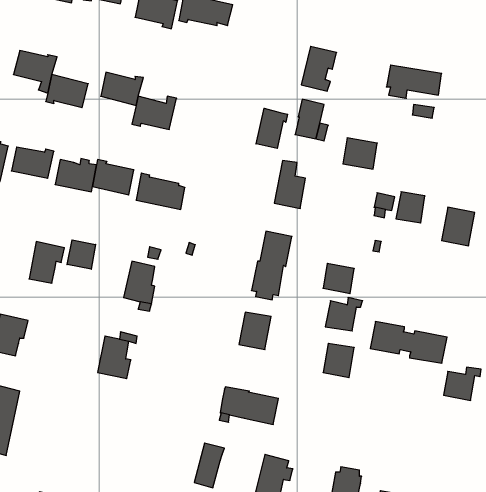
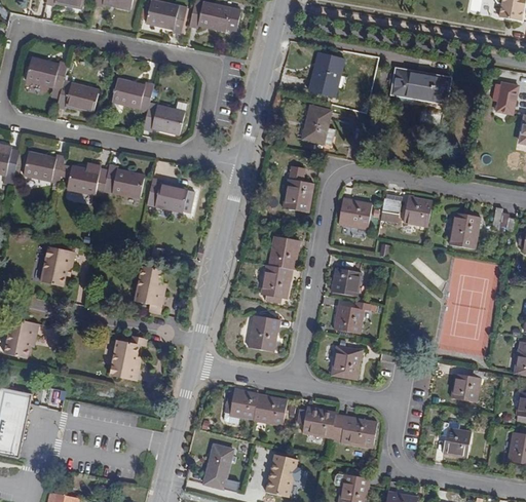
building: [256,108,288,148] -> none
building: [343,138,377,169] -> [338,198,372,229]
building: [67,240,96,269] -> none
building: [370,322,447,363] -> [301,407,377,448]
building: none -> [439,422,472,458]

